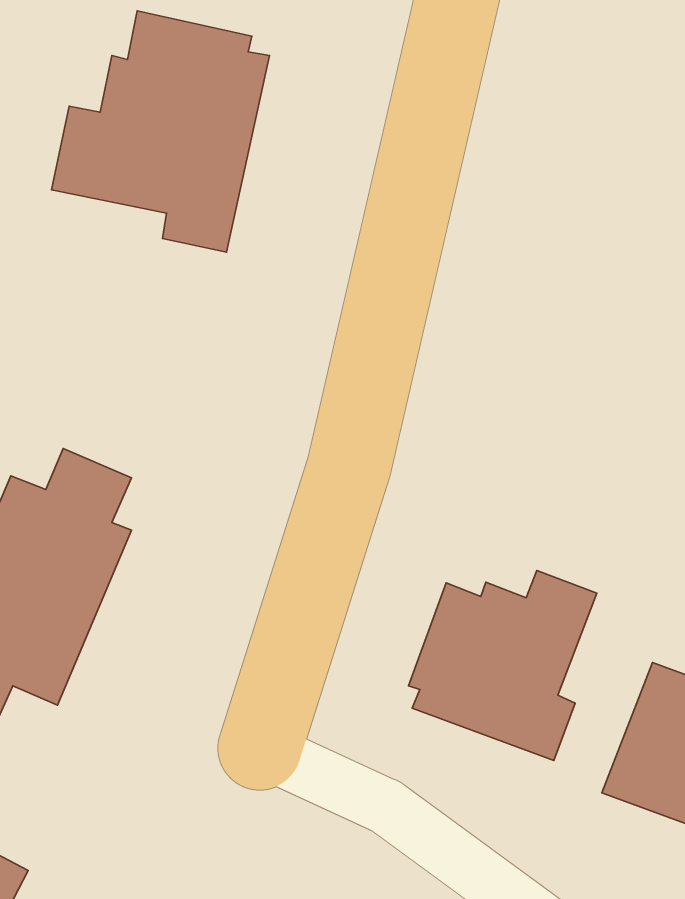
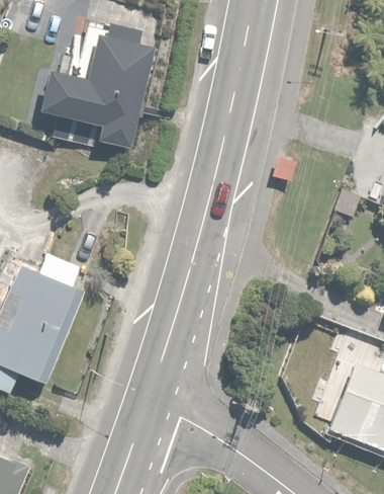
building: [408,570,597,761] -> none

